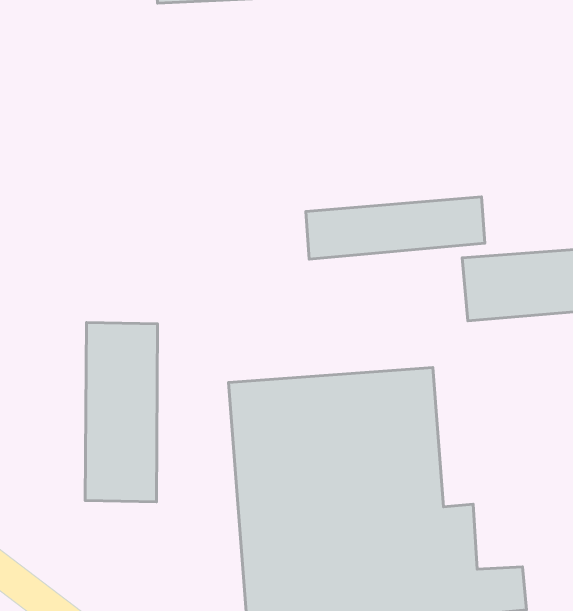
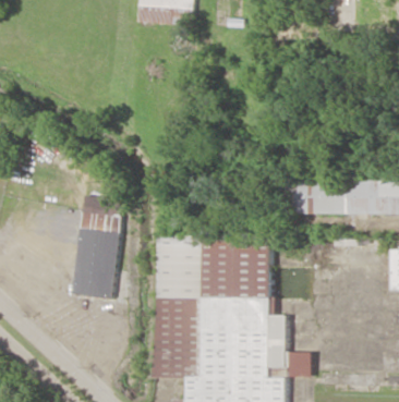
building: [306,197,485,259] -> none

